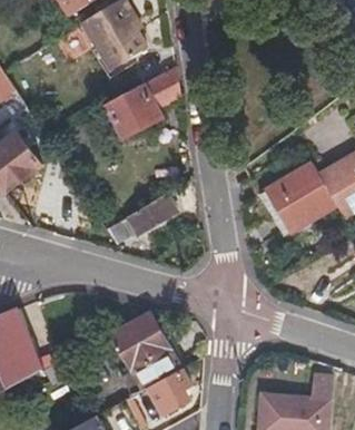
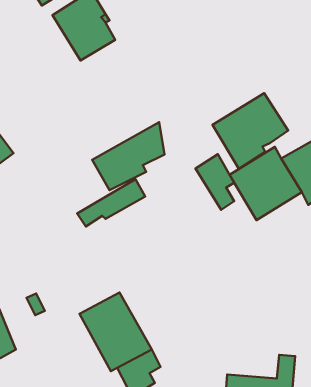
building: [105,66,179,136] -> [92,122,164,190]
building: none -> [213,93,288,169]
building: none -> [196,154,234,210]

